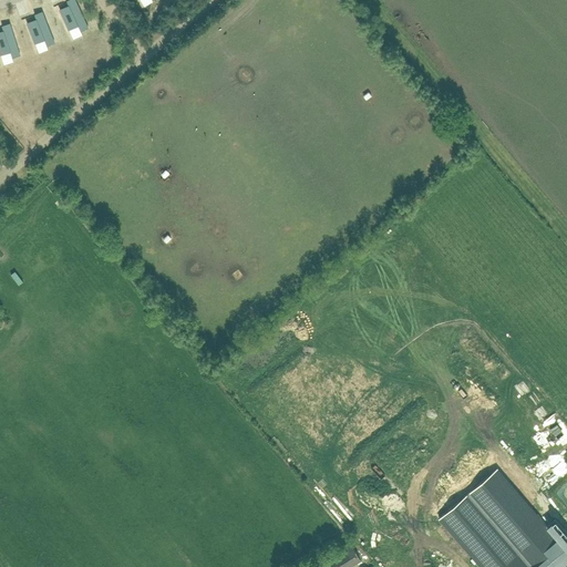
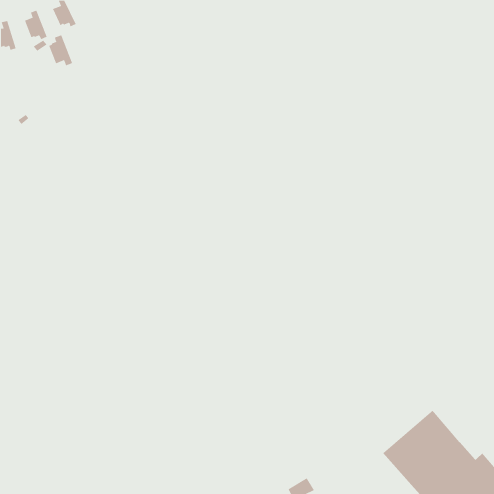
building: none -> [48,34,73,66]

